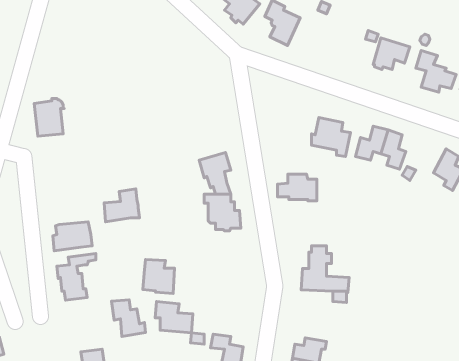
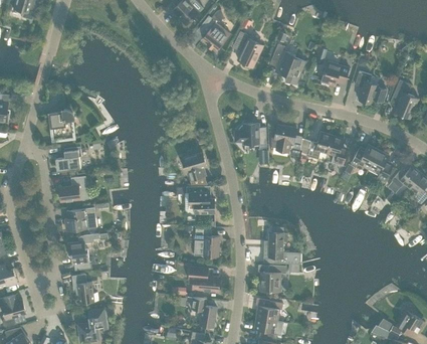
building: none -> [269,44,305,84]
building: none -> [55,143,81,171]
building: none -> [351,145,379,169]
building: [278,174,317,201] -> [235,124,266,145]
building: [104,189,139,222] -> [59,176,87,202]
building: [143,259,174,293] -> [194,229,219,256]
building: none -> [259,266,286,292]
building: [112,300,146,336] -> [71,275,98,304]
building: [155,301,193,333] -> [189,267,219,292]

